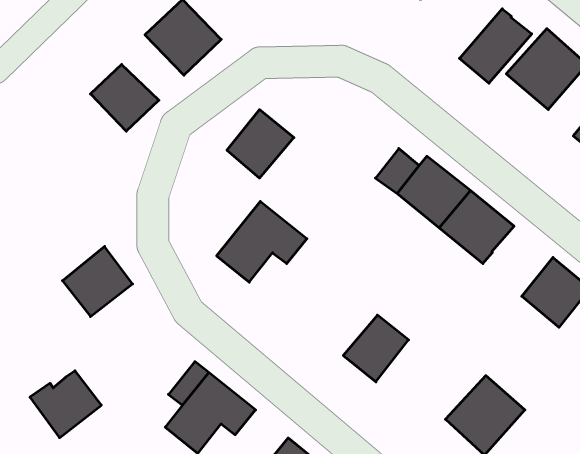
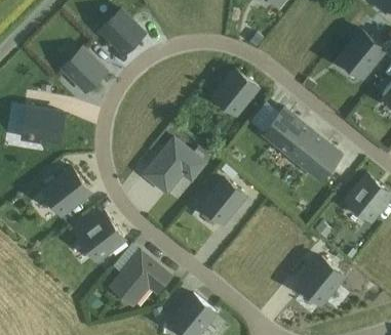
building: [459,9,532,83] -> none
building: [227,110,294,178] -> [212,71,257,116]
building: none -> [21,108,63,143]
building: [343,315,409,382] -> [200,180,243,224]
building: [30,371,101,438] -> [75,217,122,261]

